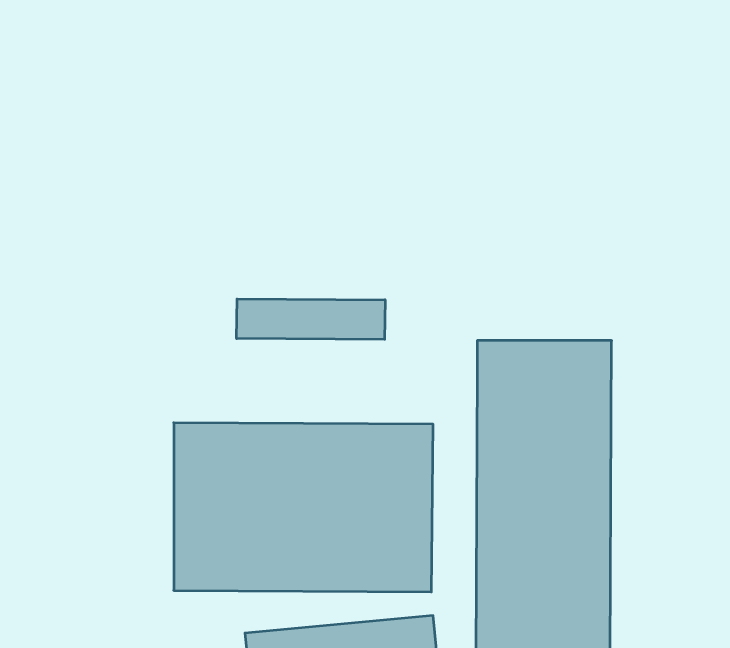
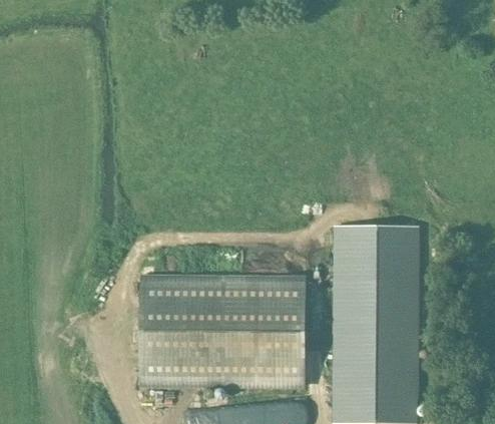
building: [237,299,385,339] -> none

